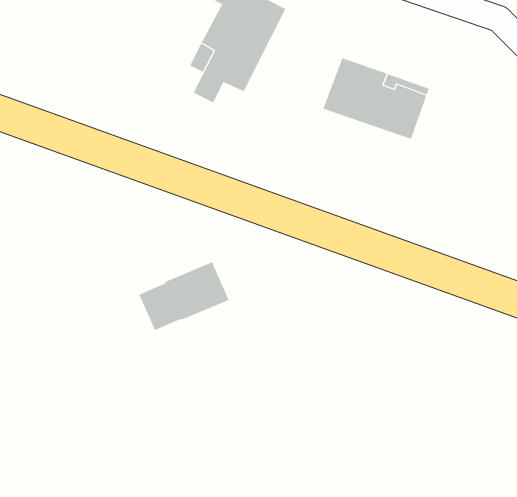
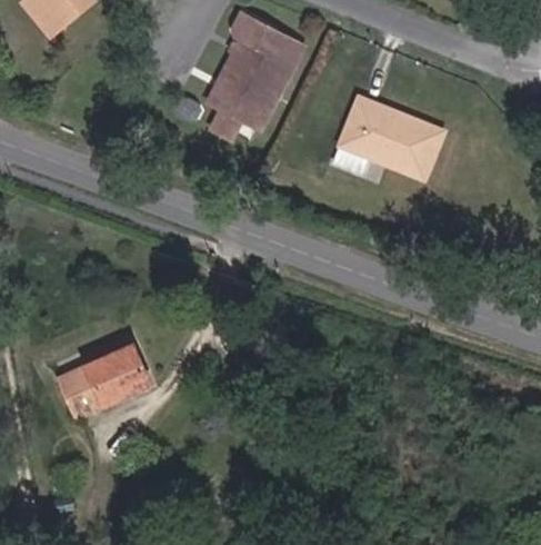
building: [138,261,229,331] -> [61,347,150,415]

